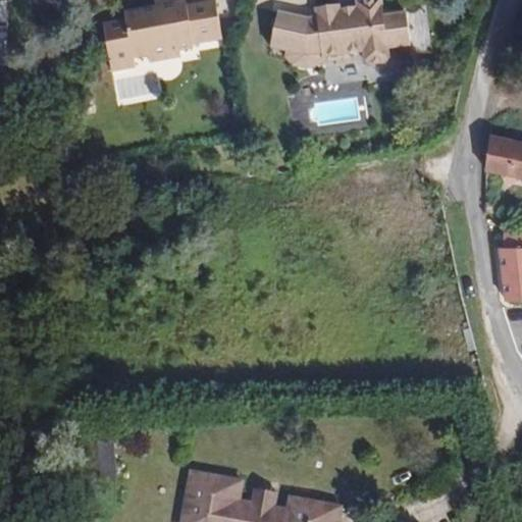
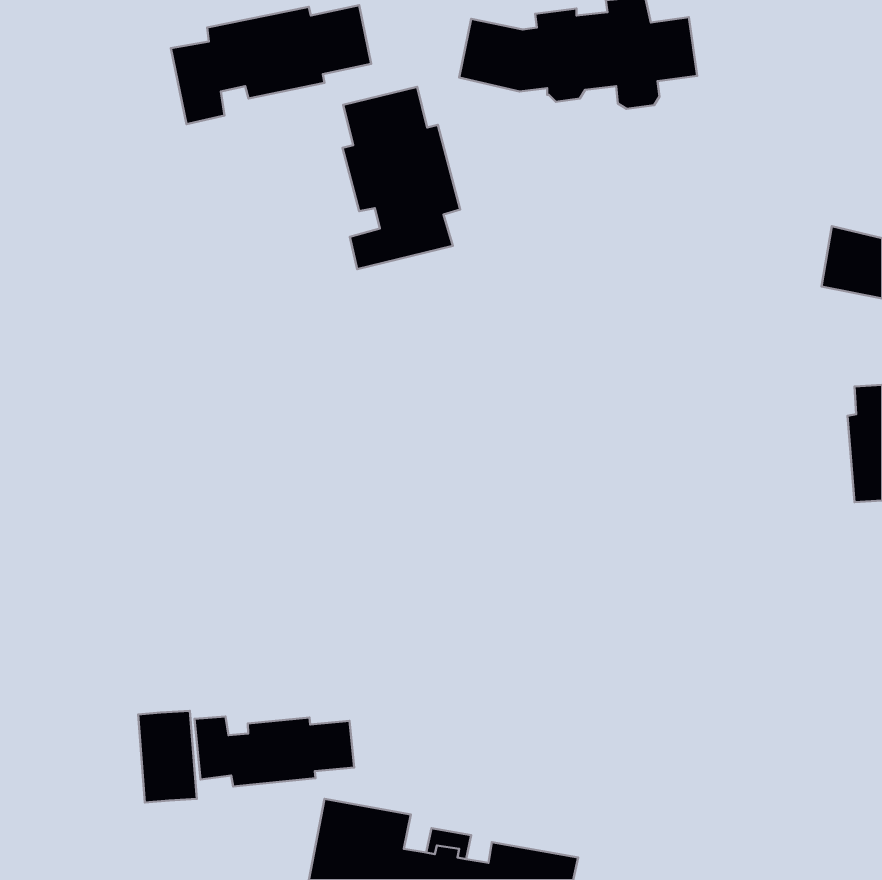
building: none -> [342,87,460,269]
building: none -> [194,716,354,786]

